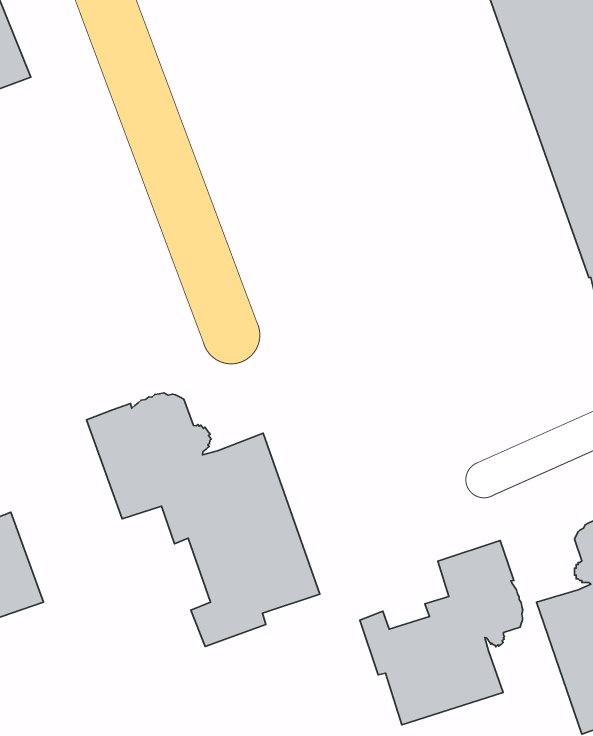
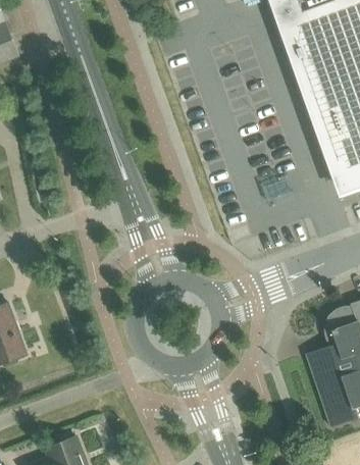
building: [87,393,320,646] -> none
building: [360,541,523,725] -> none

